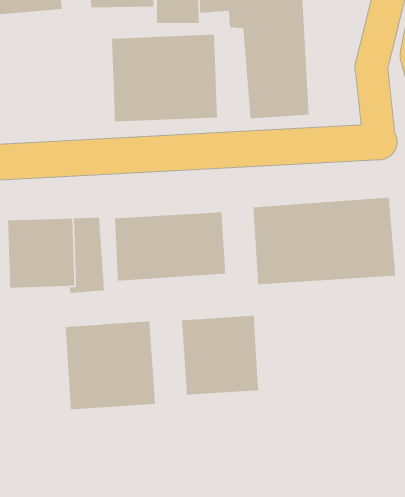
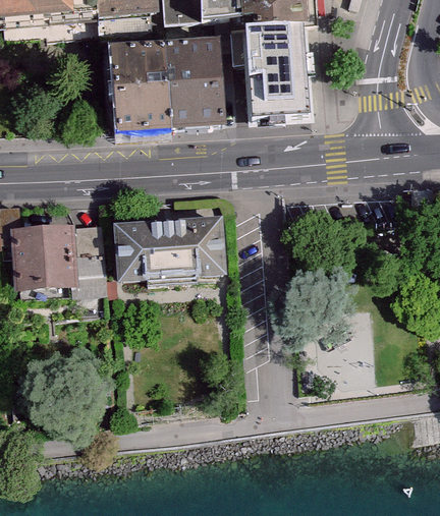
building: [252,197,396,285] -> none
building: [181,315,259,396] -> none
building: [65,321,156,410] -> none

